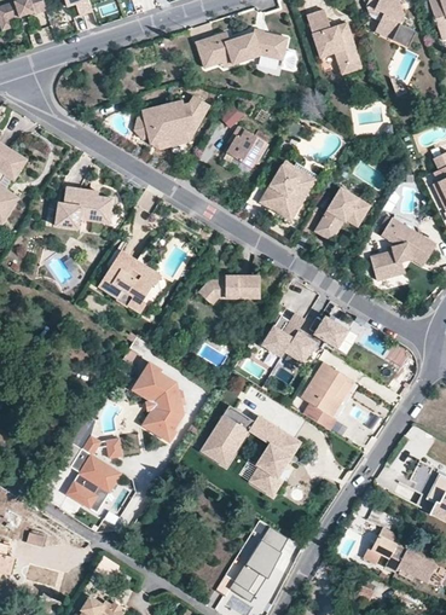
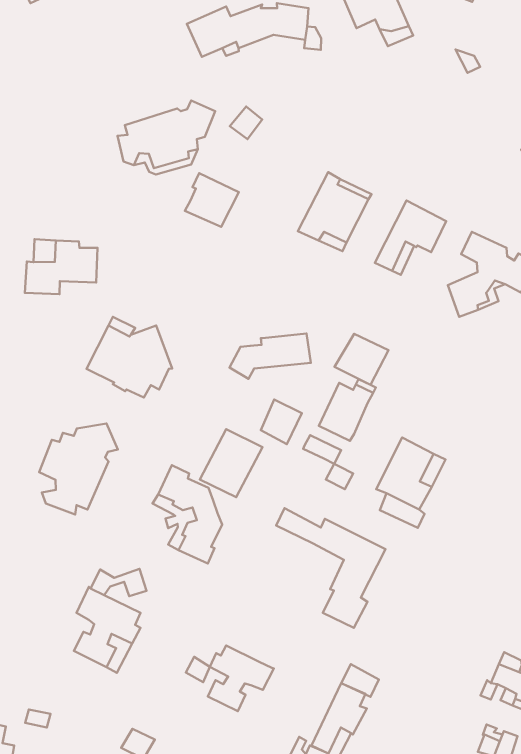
building: [225,126,266,167] -> [185,173,239,227]
building: [315,314,358,350] -> none
building: none -> [39,424,118,514]
building: [288,332,319,366] -> [261,399,302,444]
building: [201,416,249,466] -> [200,429,262,497]
building: none -> [208,646,274,711]

